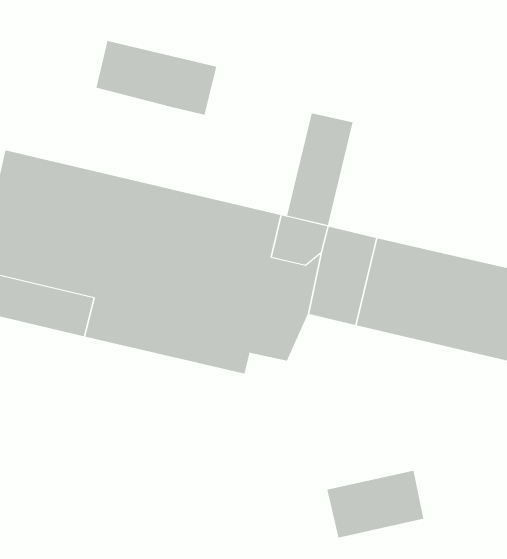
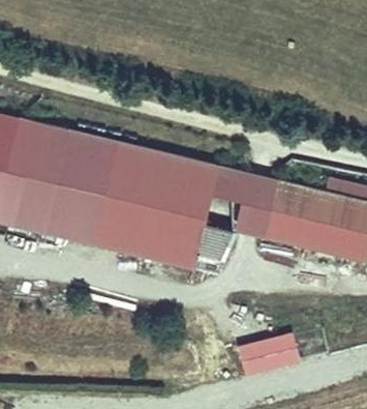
building: [96,40,217,115] -> none
building: [287,112,353,226] -> none

